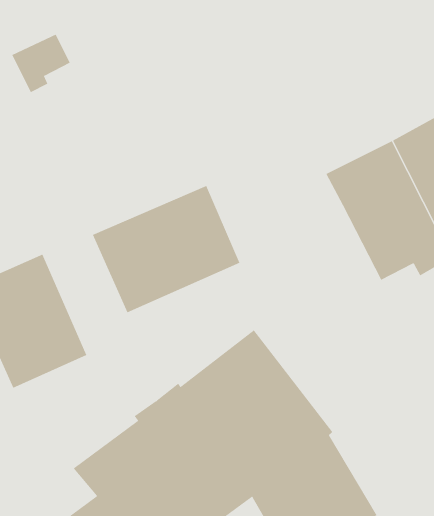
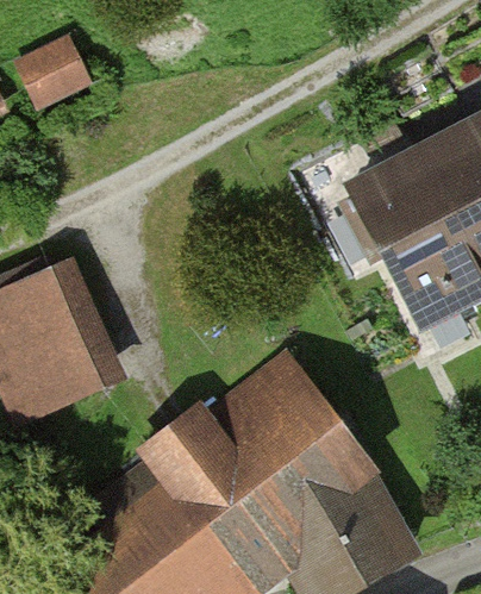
building: [92,185,240,313] -> none

